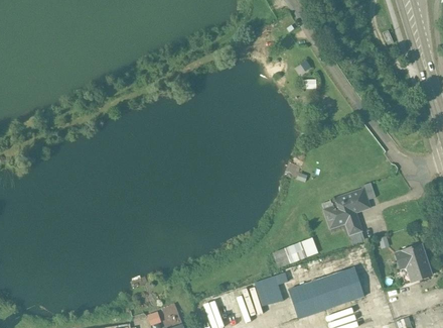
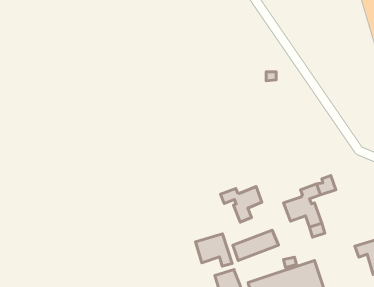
building: none -> [220,186,262,222]
building: none -> [196,234,232,266]

